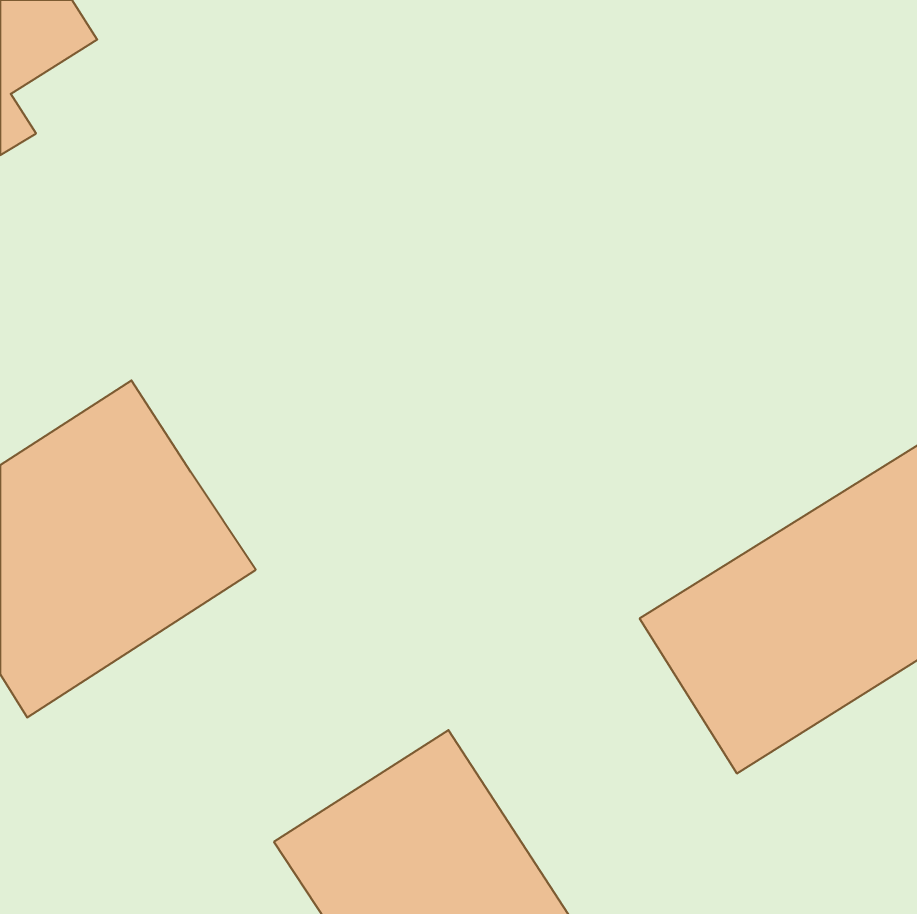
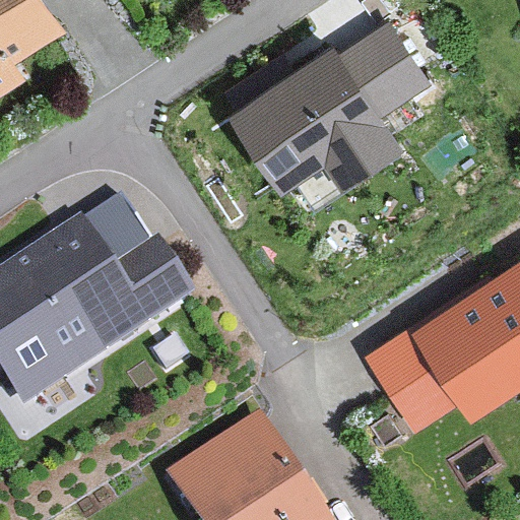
building: none -> [230,19,434,192]
building: none -> [110,240,192,325]

